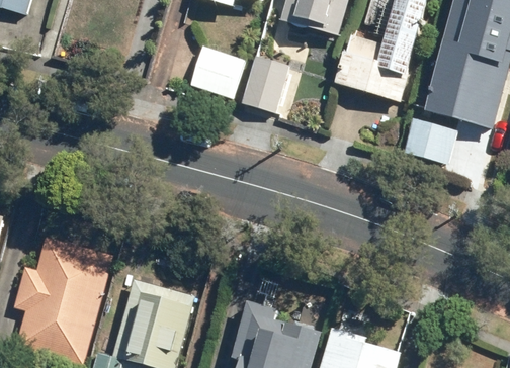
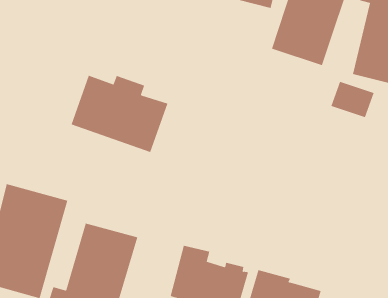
building: [191,47,246,100] -> none
building: [244,56,292,115] -> none
building: none -> [71,75,168,153]

